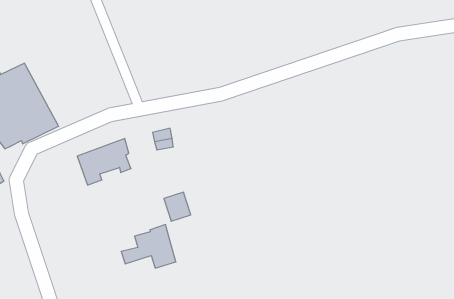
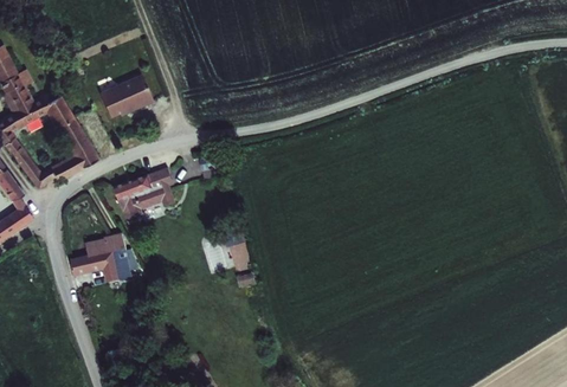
building: none -> [105,77,160,121]
building: [121,225,176,268] -> [73,233,136,283]

